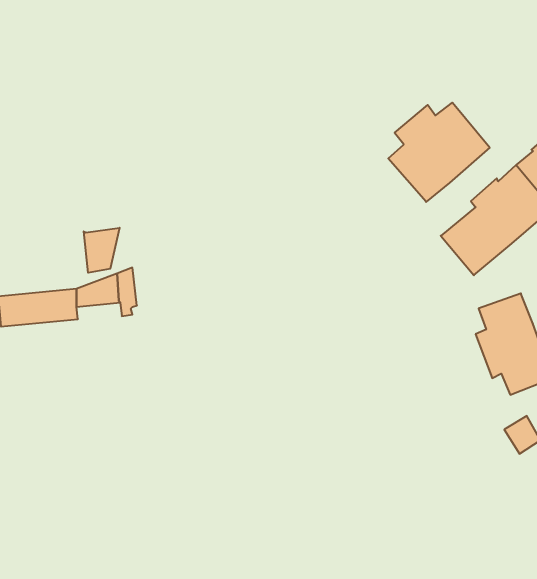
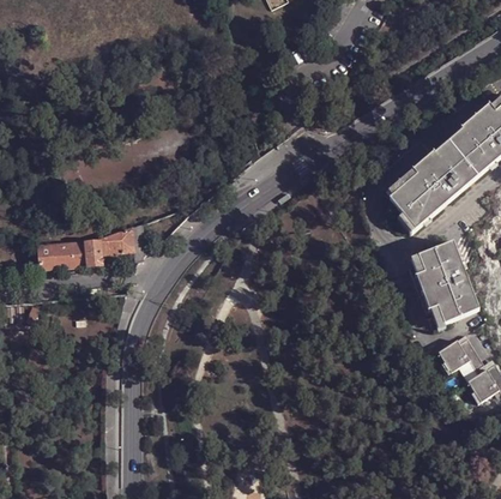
building: [388,103,490,202] -> none
building: [84,228,120,273] -> none

